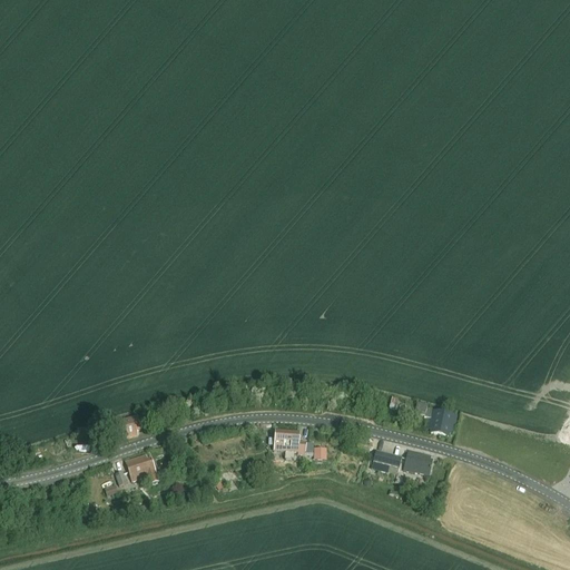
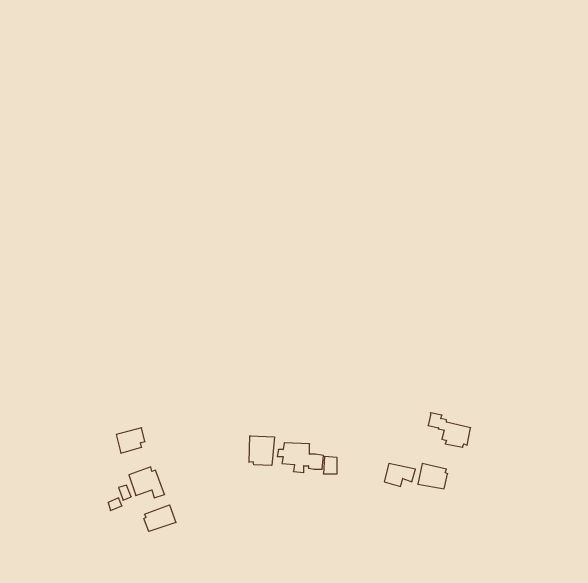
building: none -> [249,436,274,465]
building: none -> [144,505,176,531]

